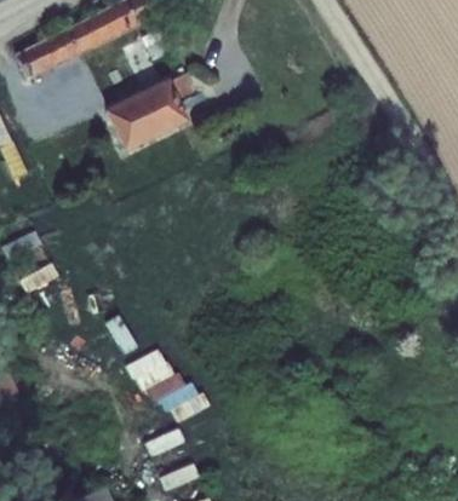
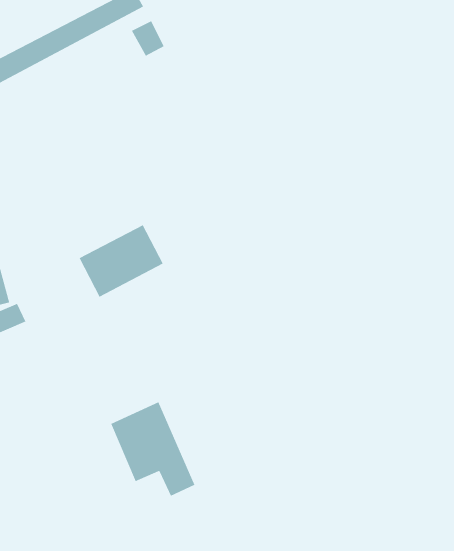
building: [121,79,191,139] -> [79,224,164,298]

